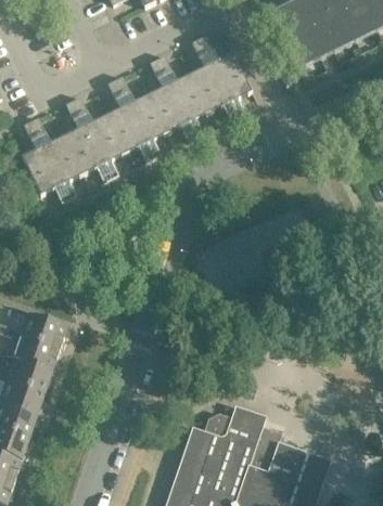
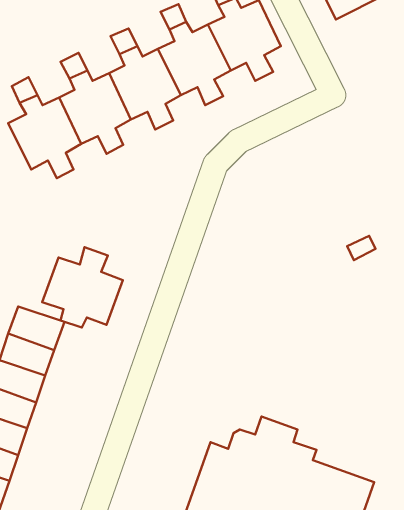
building: none -> [42,247,123,328]

